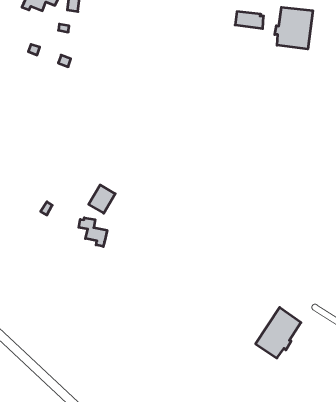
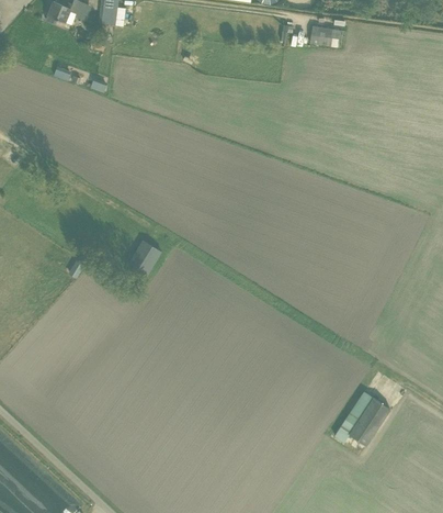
building: [275,7,313,49] -> none
building: [79,218,107,247] -> none

